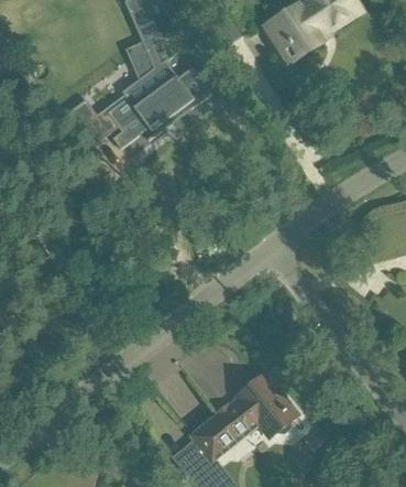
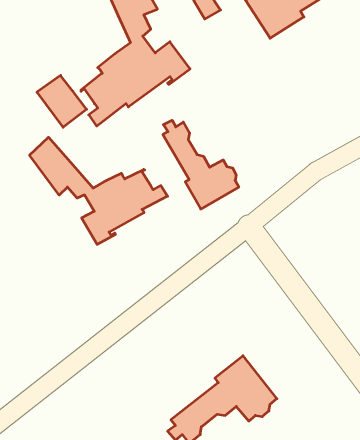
building: none -> [163,120,239,209]
building: none -> [30,137,168,244]

